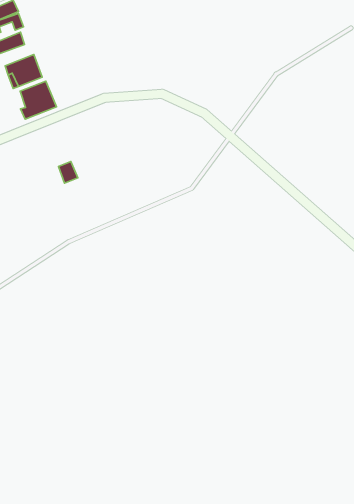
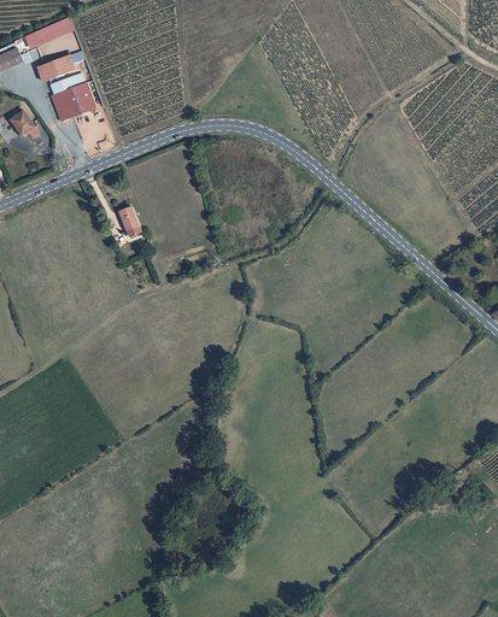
building: [20,81,57,119] -> none

